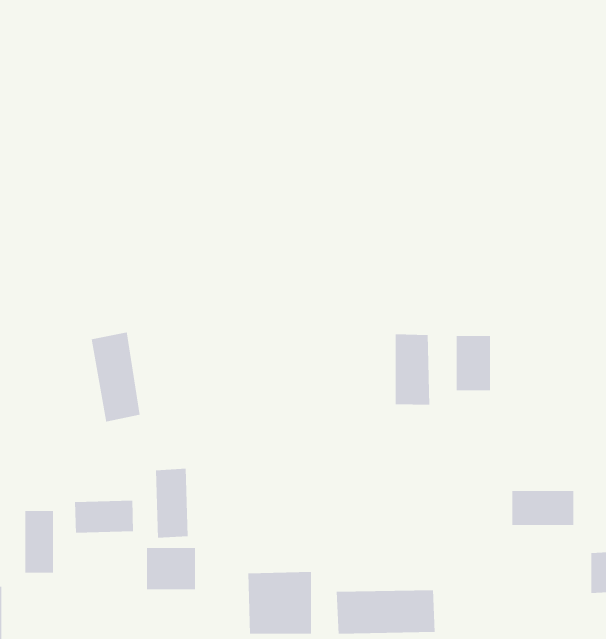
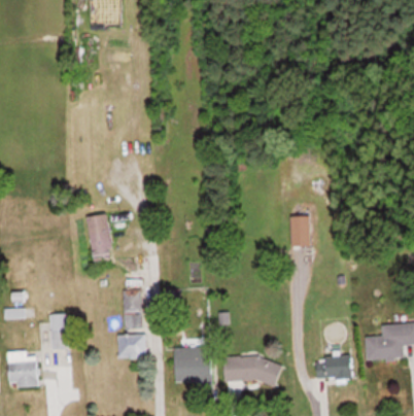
building: [395,334,430,405] -> none
building: [512,490,574,525] -> [317,359,352,379]
building: [75,500,134,534] -> none

